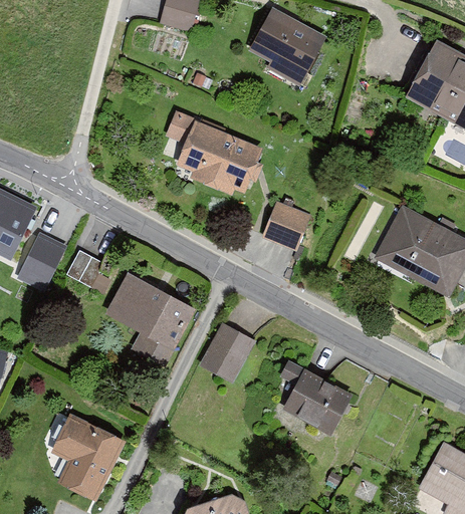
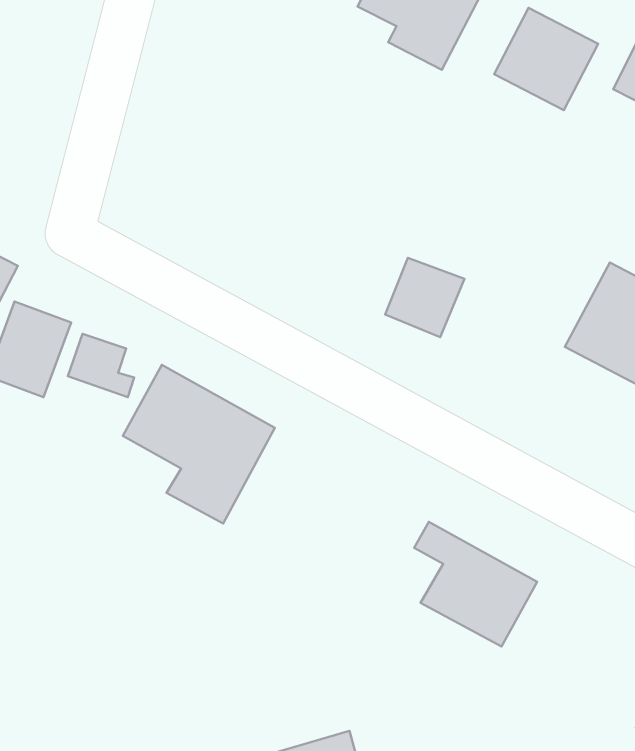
building: none -> [494,8,598,110]
building: [165,109,262,193] -> none
building: [198,323,258,386] -> none
building: [53,416,121,496] -> none

